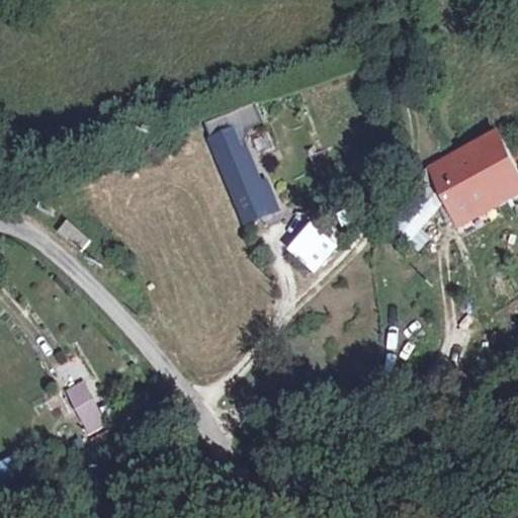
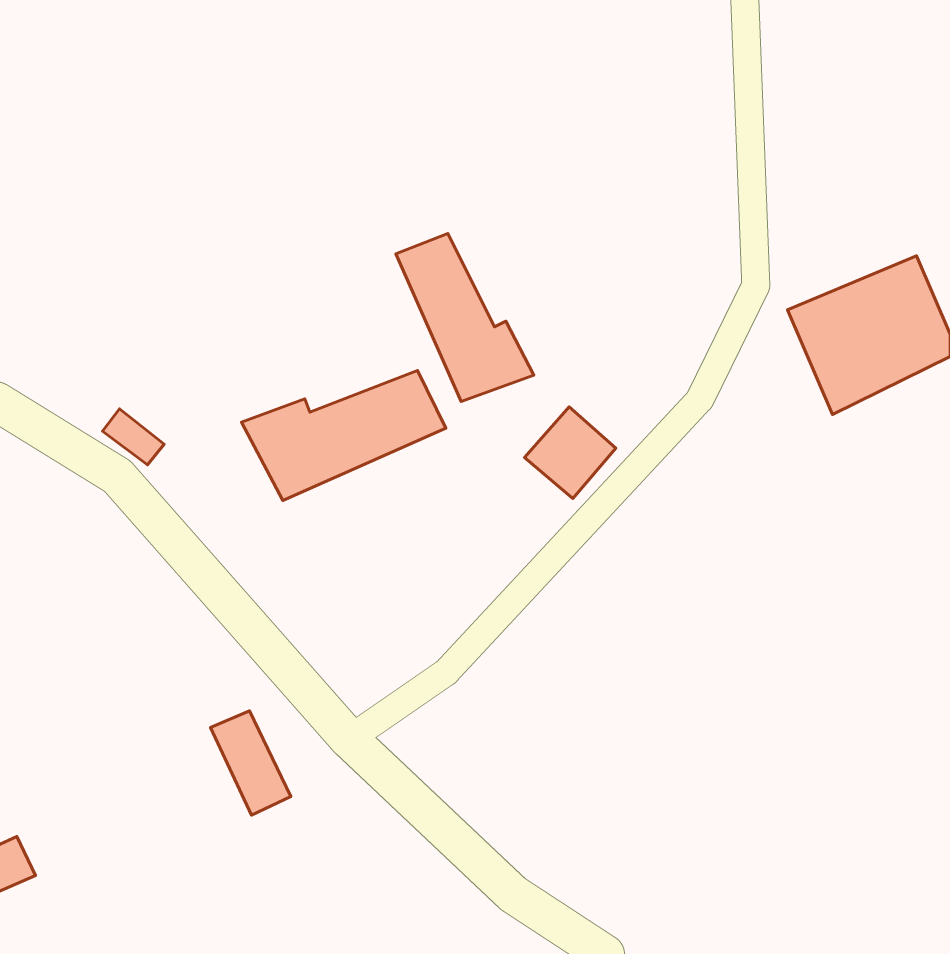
building: none -> [242,371,446,500]
building: [62,381,105,438] -> [210,711,291,815]

